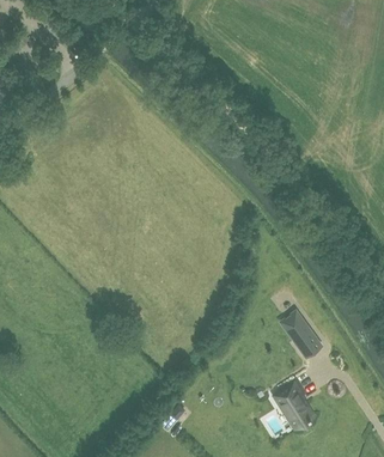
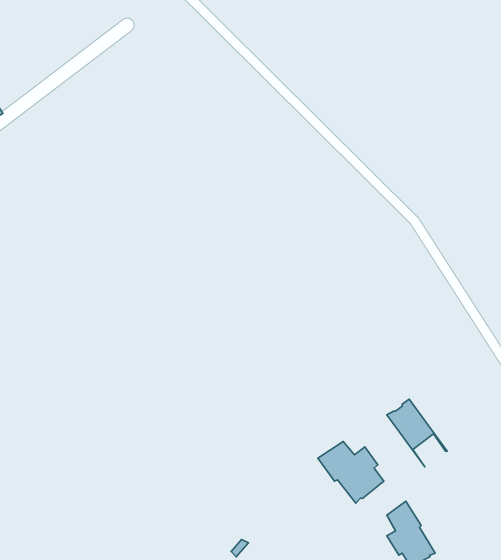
building: none -> [318,441,384,503]

